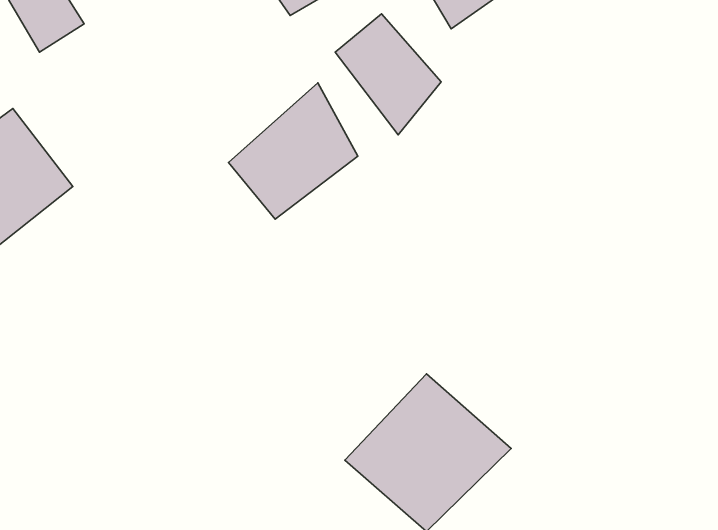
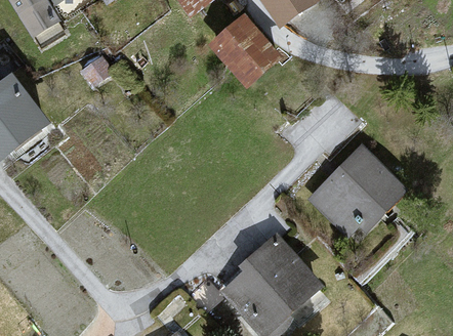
building: [229,83,358,219] -> none
building: none -> [304,143,412,241]

